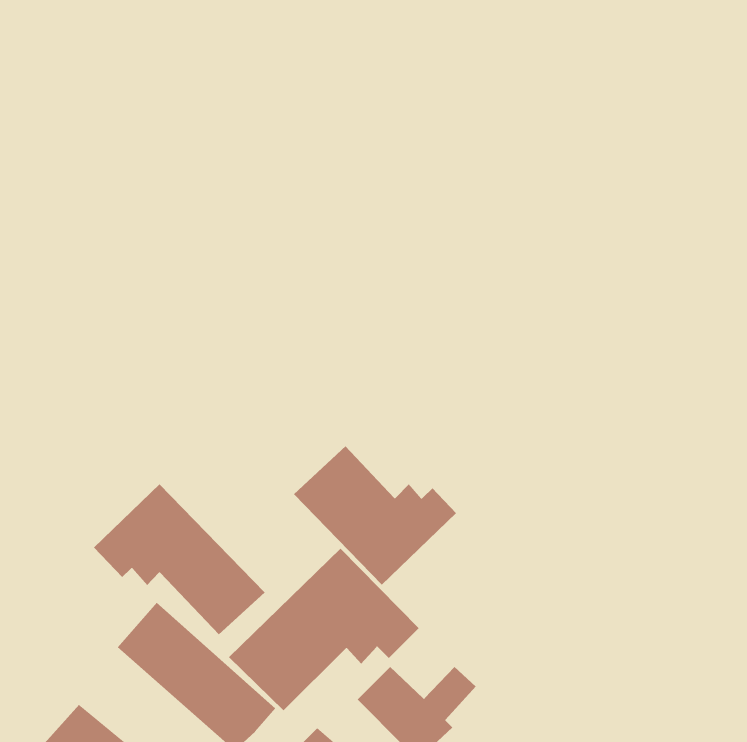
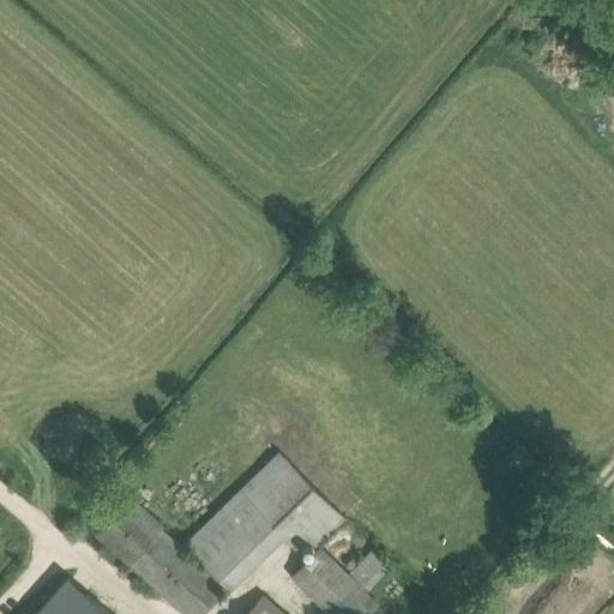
building: [293,446,457,585] -> none
building: [93,484,266,635] -> none

